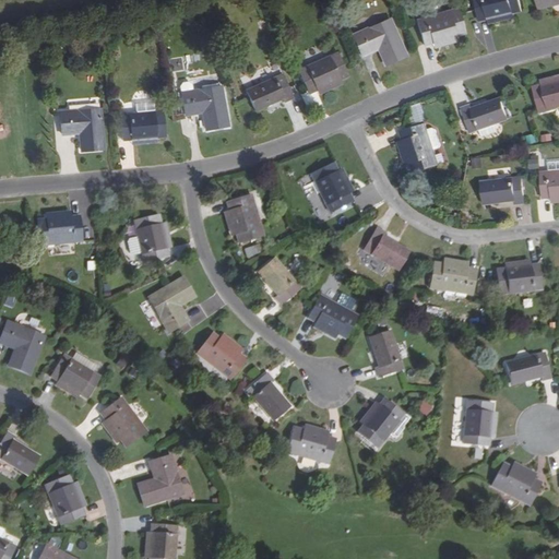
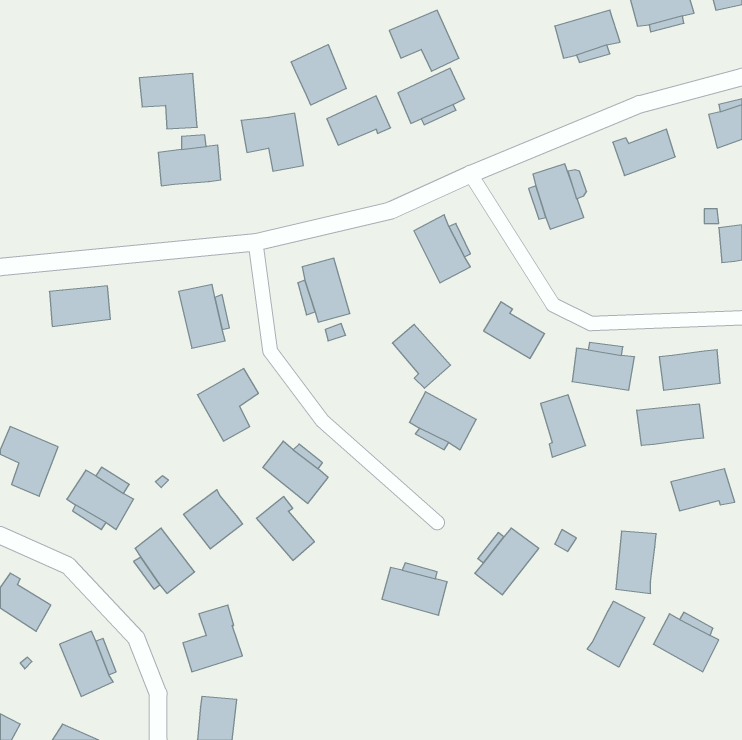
building: [354,19,406,64] -> [389,10,459,71]
building: none -> [291,45,346,105]
building: [60,108,104,150] -> [139,74,197,129]
building: [481,176,525,203] -> none
building: [258,257,301,305] -> [392,324,451,388]
building: none -> [637,404,704,446]
building: [369,330,403,377] -> [541,395,586,457]
building: none -> [184,490,243,549]
building: [247,372,290,420] -> [256,497,314,560]
building: none -> [587,601,645,667]

